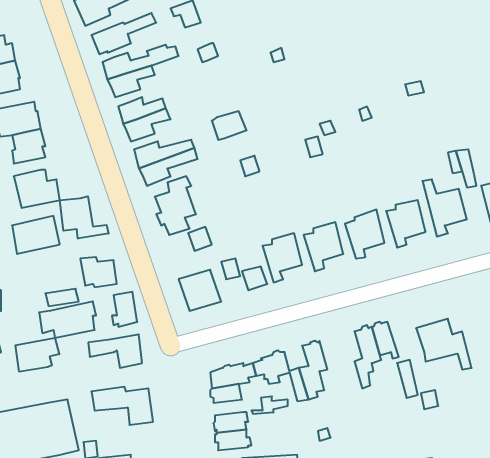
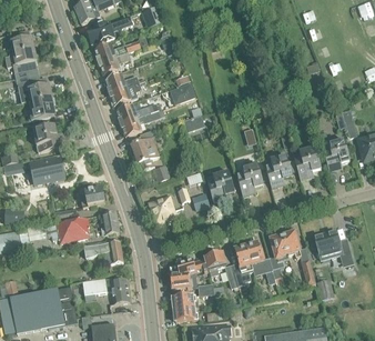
building: [60,196,109,239] -> none
building: none -> [246,241,276,283]
building: [15,338,59,372] -> none

